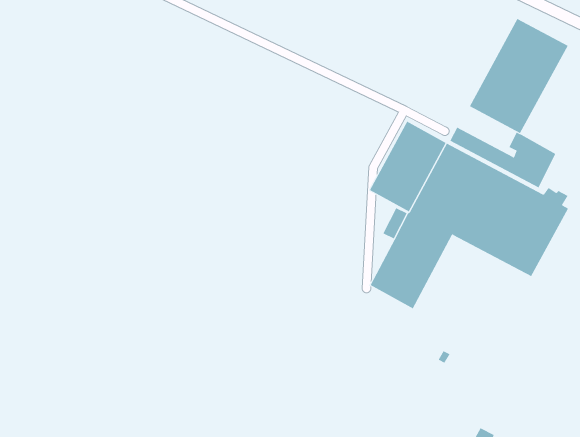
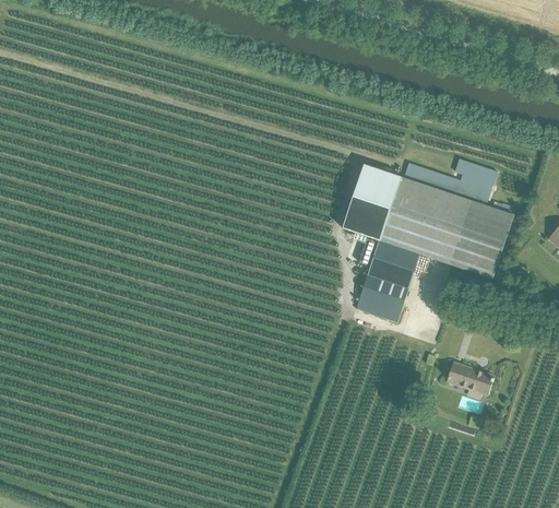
building: [469,18,568,134] -> none
building: none -> [447,362,495,395]

